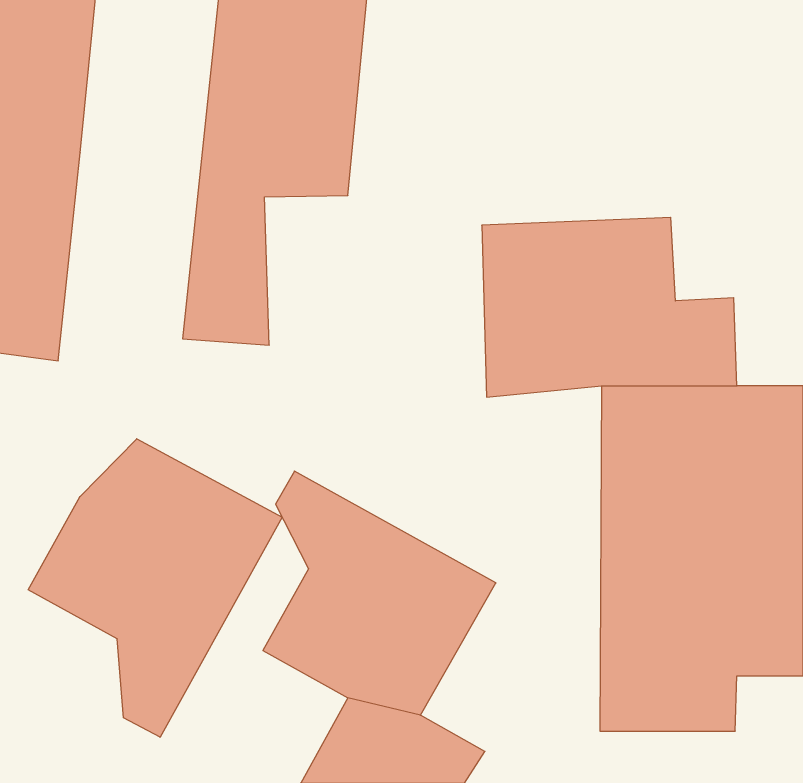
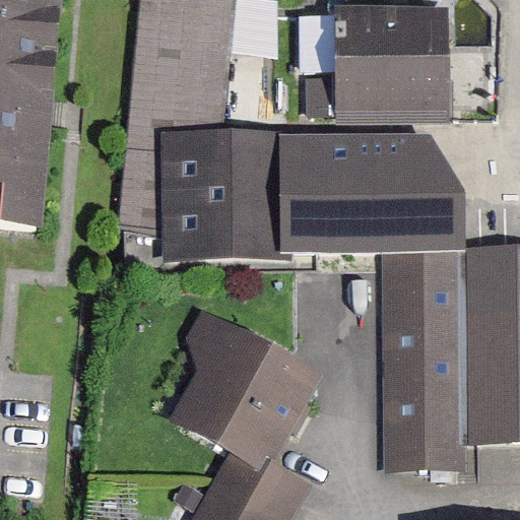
building: none -> [300,6,452,111]
building: none -> [171,123,314,260]
building: [28,439,282,737] -> none

